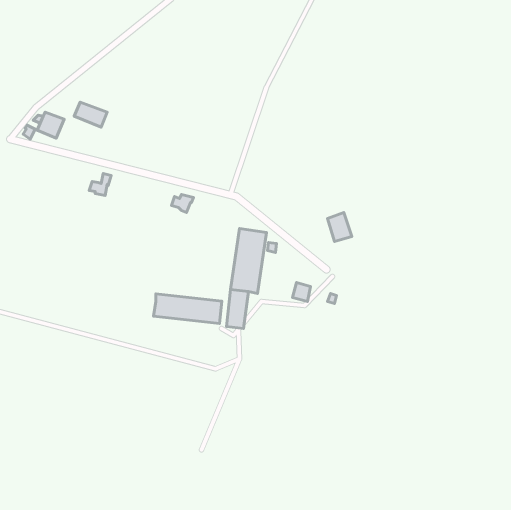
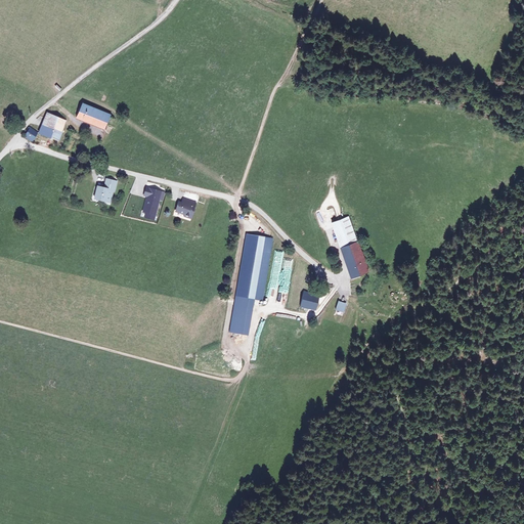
building: none -> [143,186,164,218]
building: none -> [342,242,370,279]
building: [153,294,222,324] -> none

